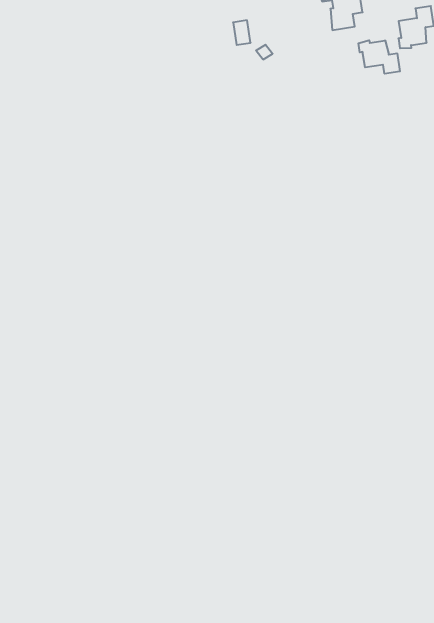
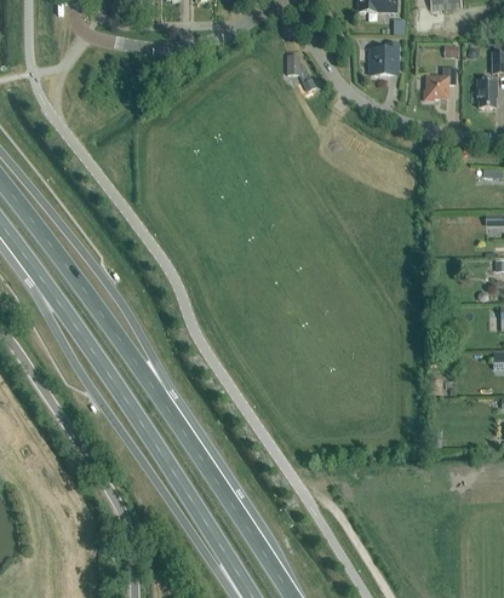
building: [358,40,400,74] -> none

